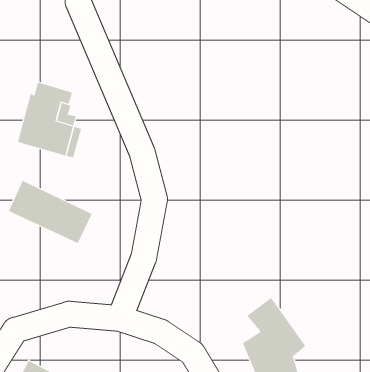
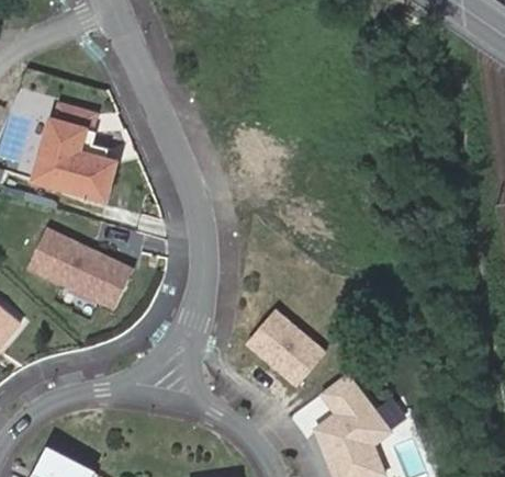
building: none -> [246,307,328,387]

